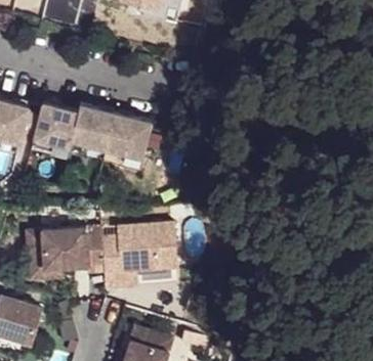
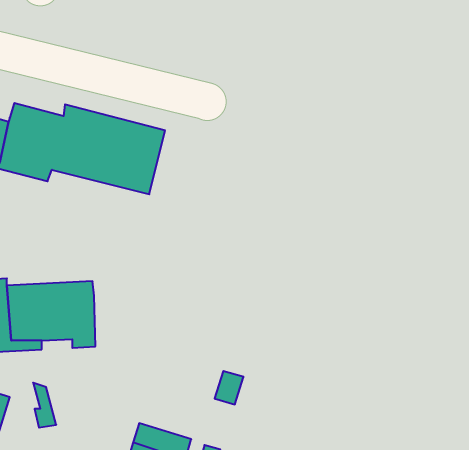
building: [102,225,177,280] -> none

